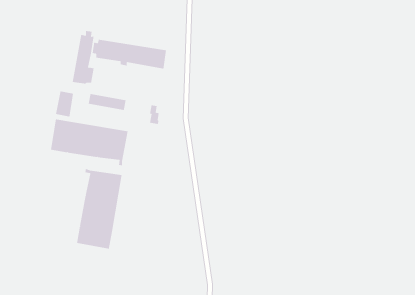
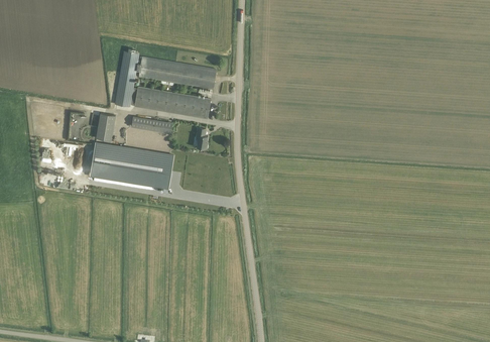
building: none -> [134,87,210,118]
building: [77,168,122,250] -> none

